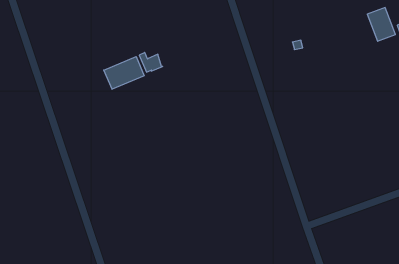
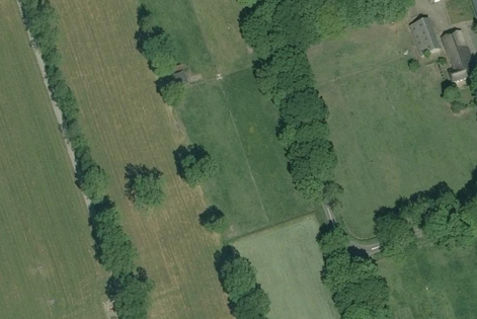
building: [104,57,144,89] -> none

